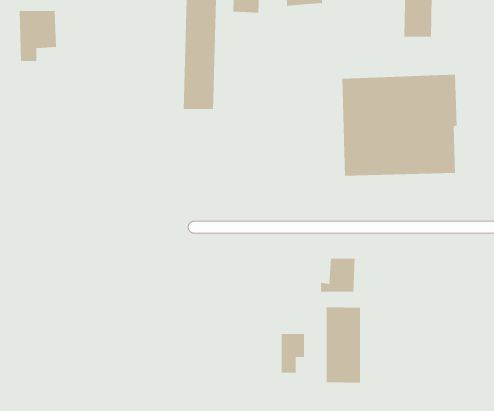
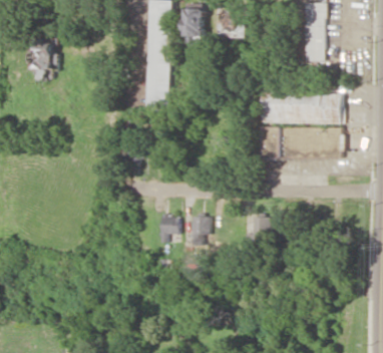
building: none -> [160,216,178,243]
building: [326,307,361,383] -> none
building: [281,333,305,373] -> [192,218,209,246]

